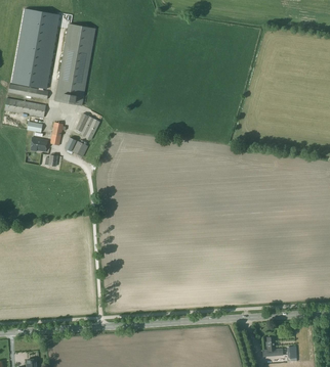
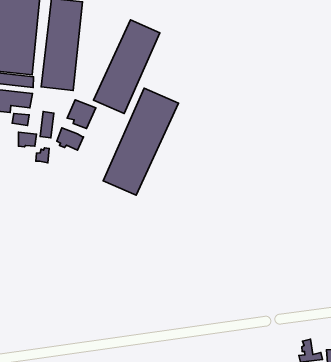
building: none -> [94,20,160,114]
building: none -> [103,88,178,195]

